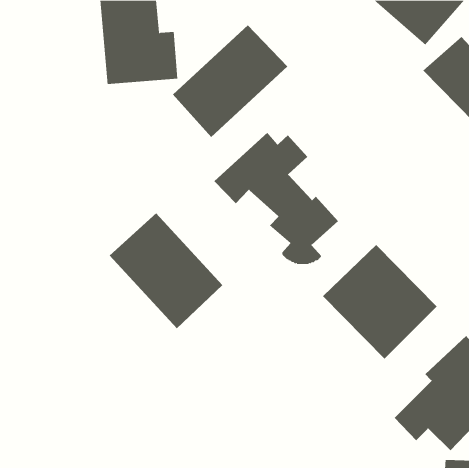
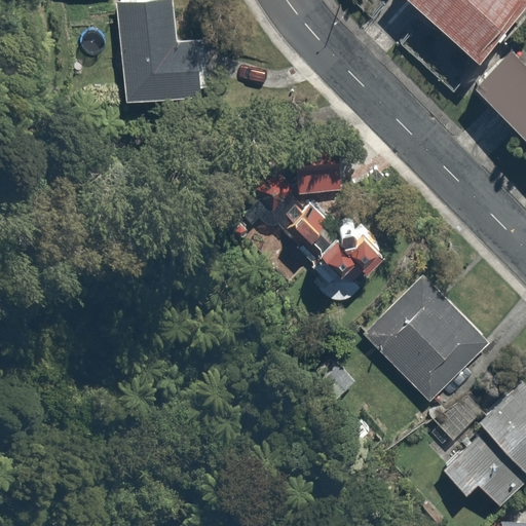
building: [172,24,288,138] -> none
building: [109,212,223,329] -> none

